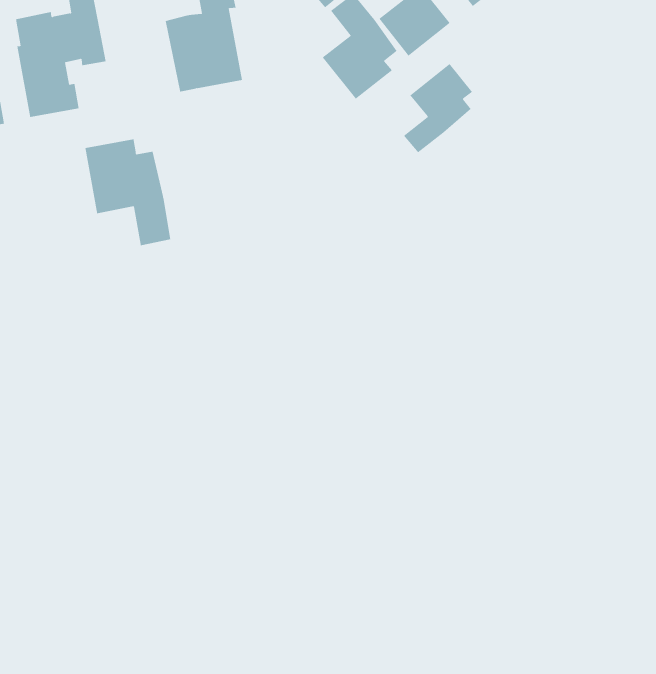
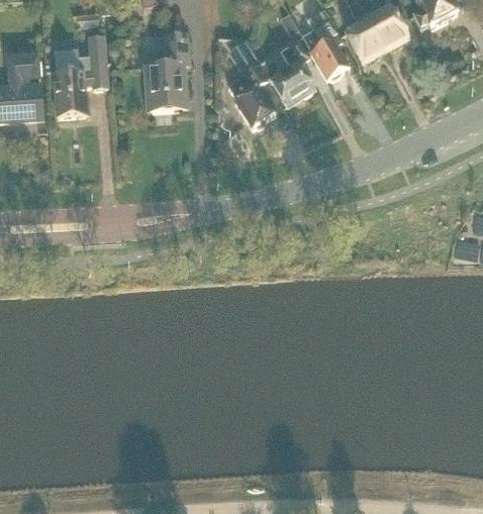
building: [403,63,473,153] -> none
building: [85,139,171,246] -> none

